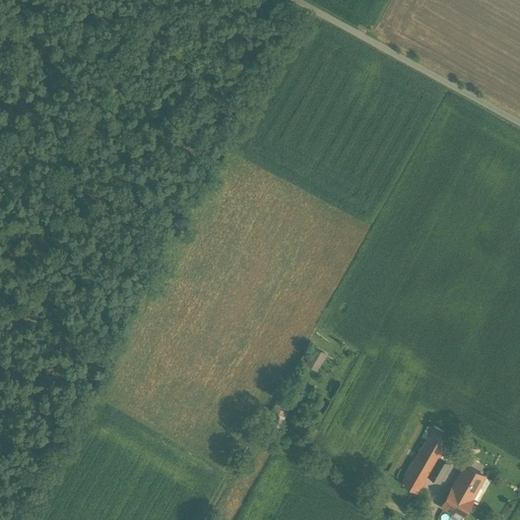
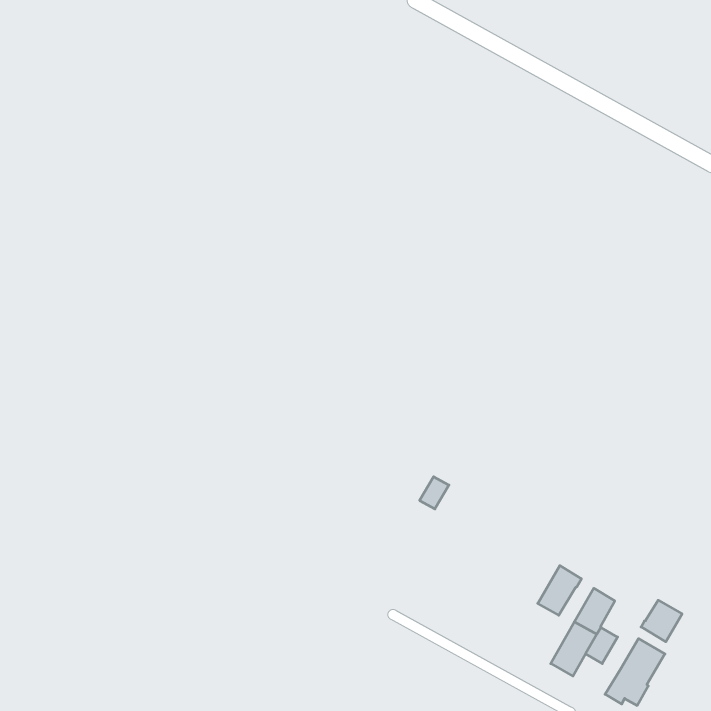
building: none -> [538,566,581,615]
building: none -> [641,600,682,642]

